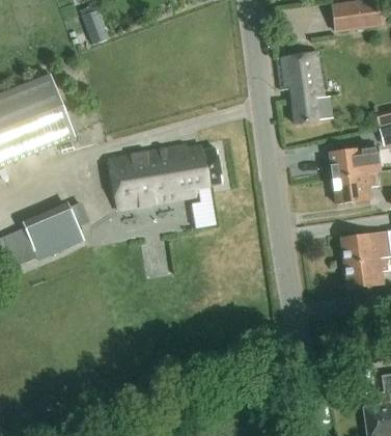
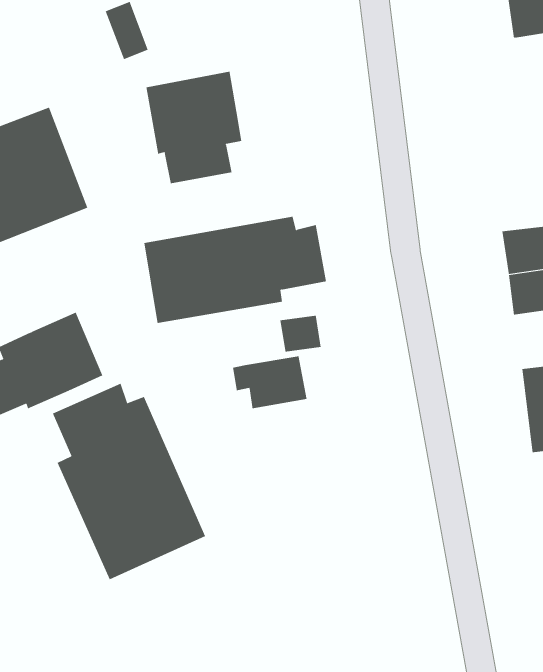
building: [276,52,331,122] -> none
building: none -> [146,71,242,184]
building: none -> [233,355,307,409]
building: none -> [52,383,206,580]

